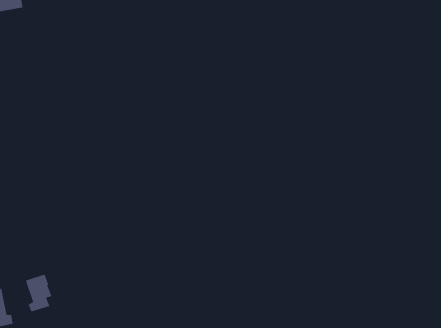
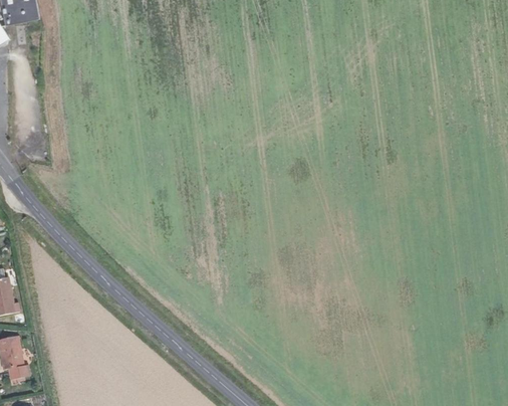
building: [25,274,52,312] -> none

